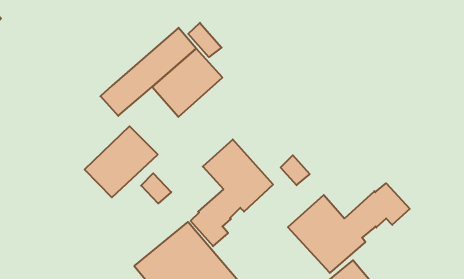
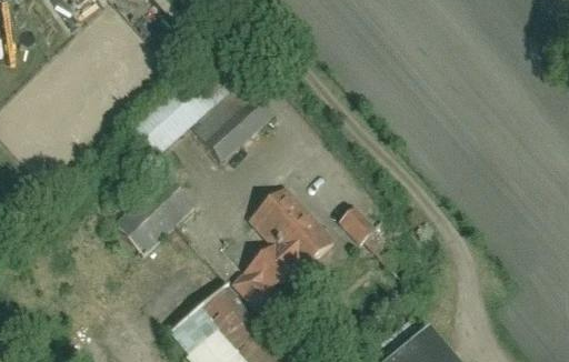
building: [188,23,222,57] -> none
building: [141,173,171,203] -> none
building: [288,183,410,273] -> none

